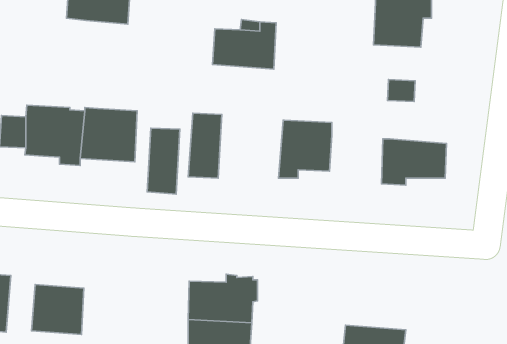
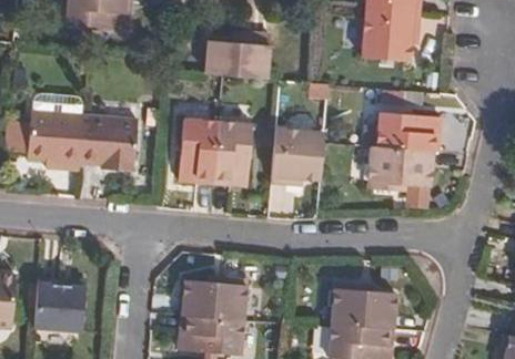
building: none -> [377,111,438,148]
building: [147,128,180,194] -> [213,121,244,184]
building: none -> [335,278,396,327]

